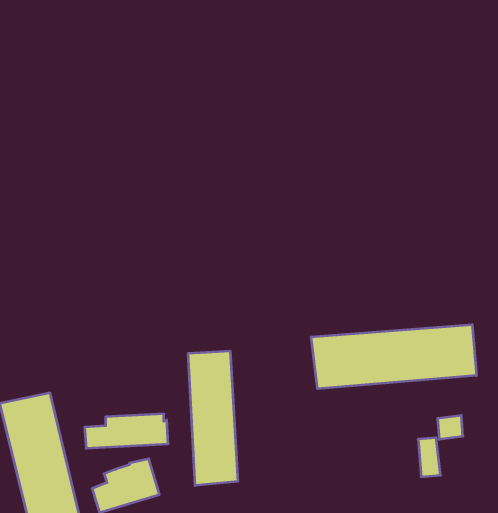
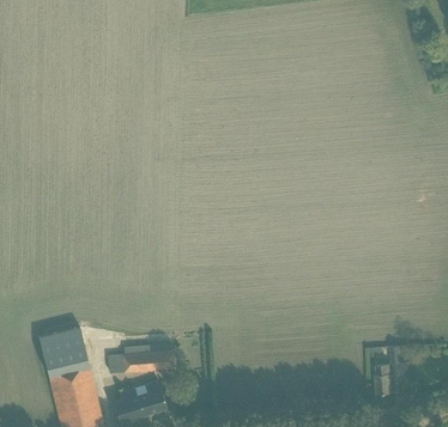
building: [311,325,476,389] -> none
building: [188,351,238,486] -> none

